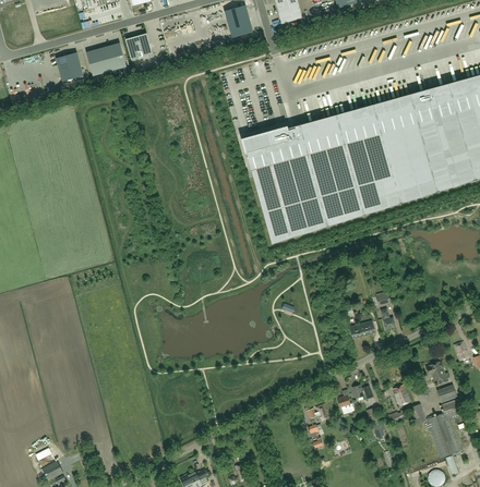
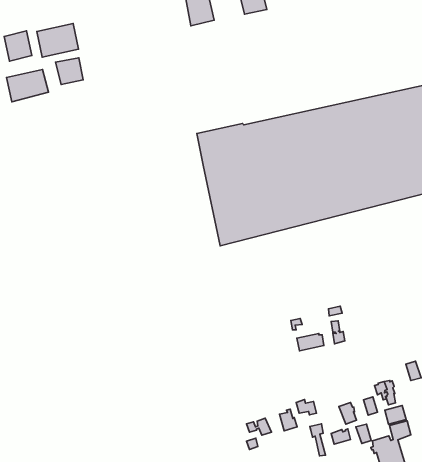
building: [125,34,153,60] -> [56,58,83,84]
building: none -> [7,69,48,102]

